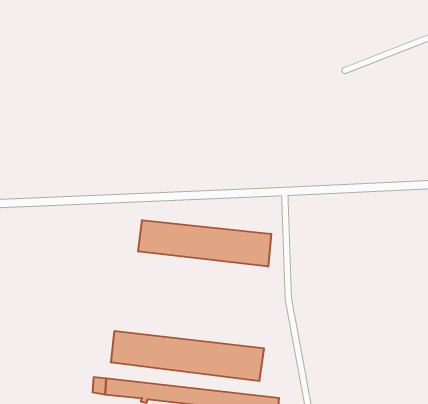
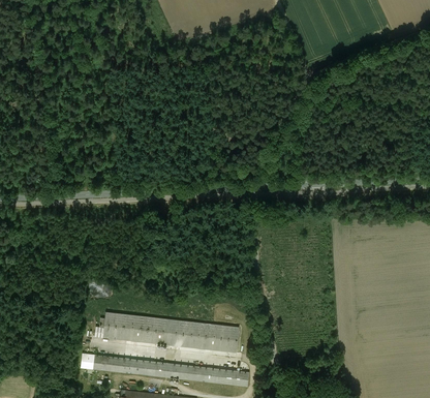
building: [138,220,271,267] -> none

